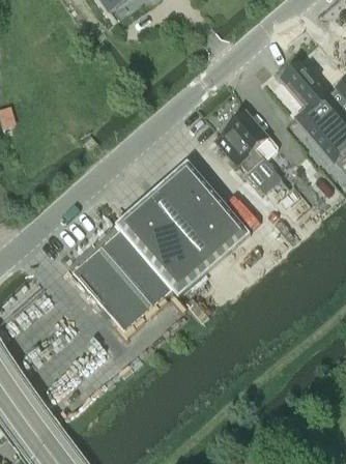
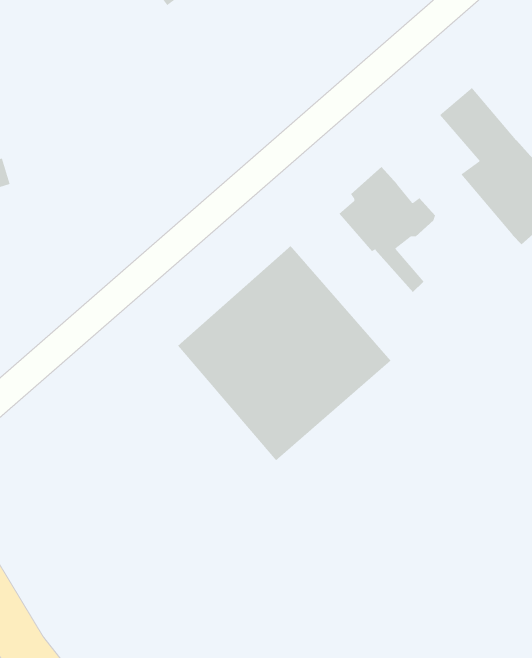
building: [67,225,172,331] -> none

